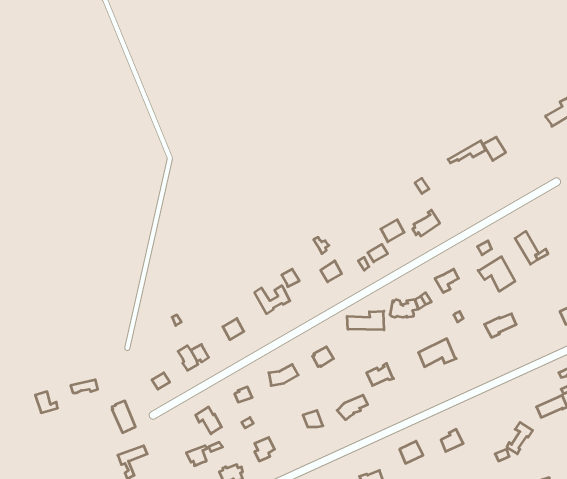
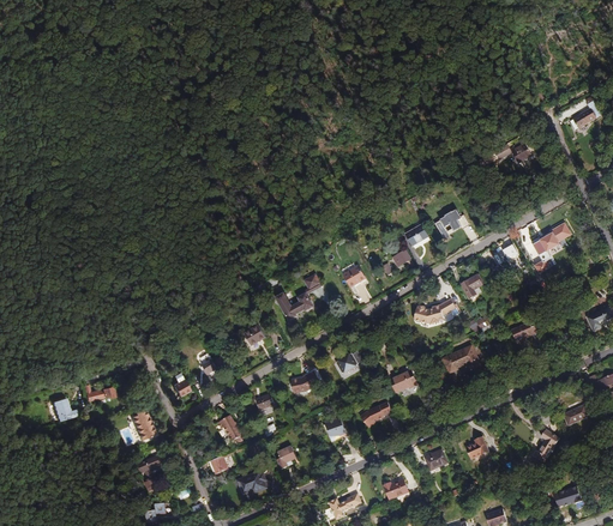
building: [478,257,515,291] -> none
building: [347,311,384,330] -> none

